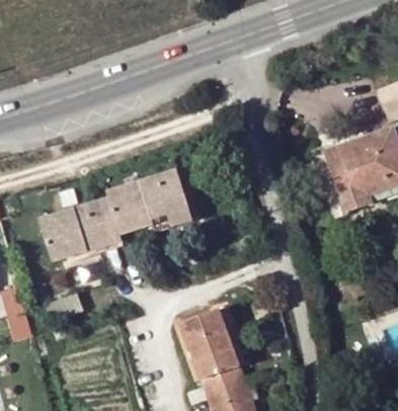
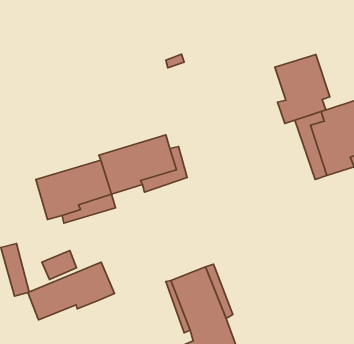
building: none -> [275,55,330,124]
building: none -> [28,262,114,320]

